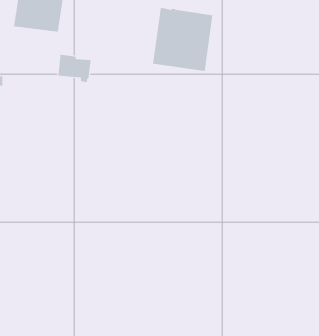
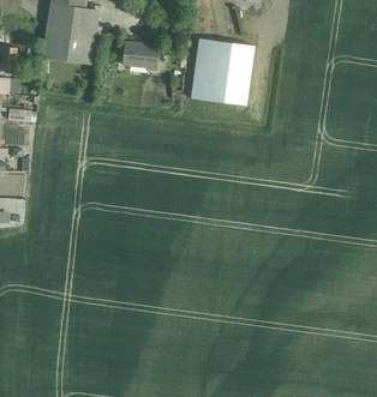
building: [57,54,91,83] -> [122,41,158,71]

